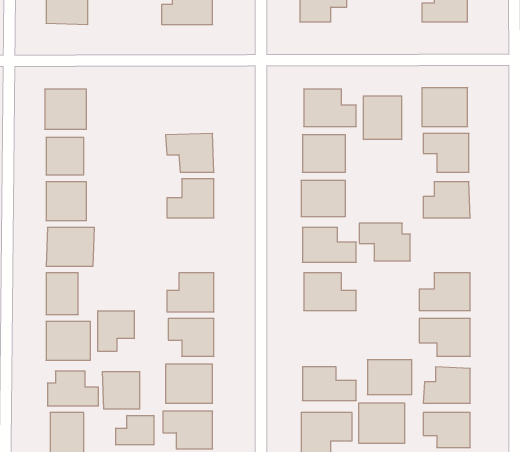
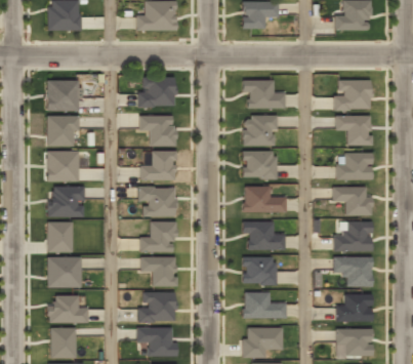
building: none -> [140,78,175,107]
building: [364,96,402,140] -> none
building: [359,223,410,261] -> [333,187,372,215]
building: none -> [139,187,176,216]
building: [98,311,134,351] -> none
building: [367,360,412,395] -> [243,258,277,285]
building: [102,372,140,409] -> none
building: [359,403,404,443] -> none
building: [116,415,154,445] -> none

